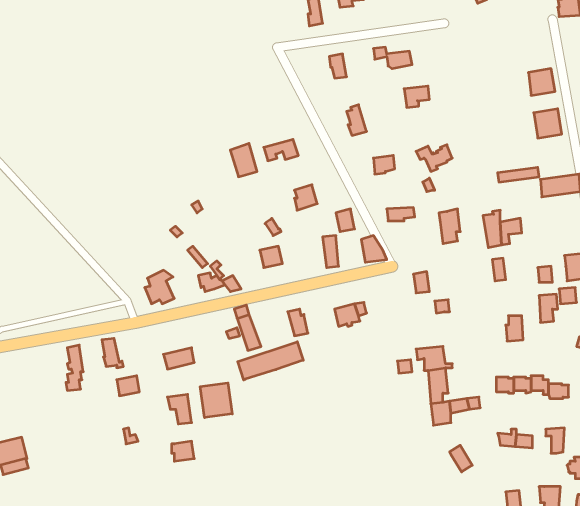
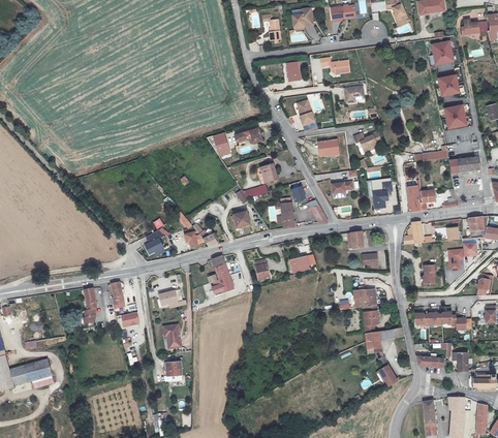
building: none -> [434,40,456,64]
building: [238,342,303,380] -> none
building: [200,383,232,418] -> none

